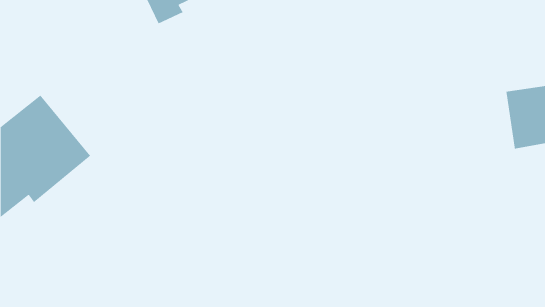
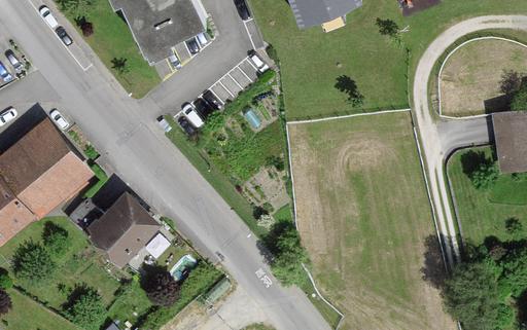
building: none -> [79,195,157,272]

